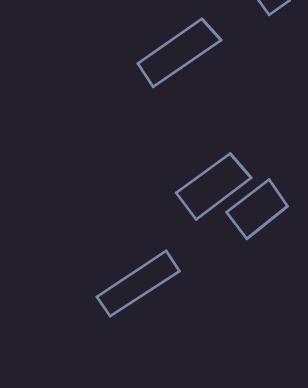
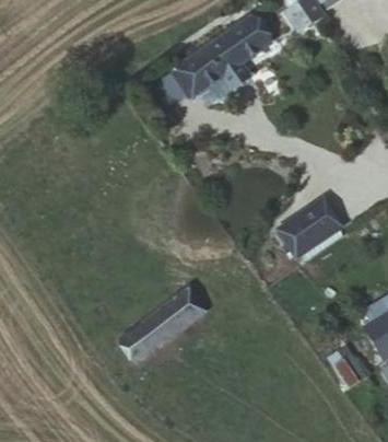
building: [176,153,251,220] -> none

